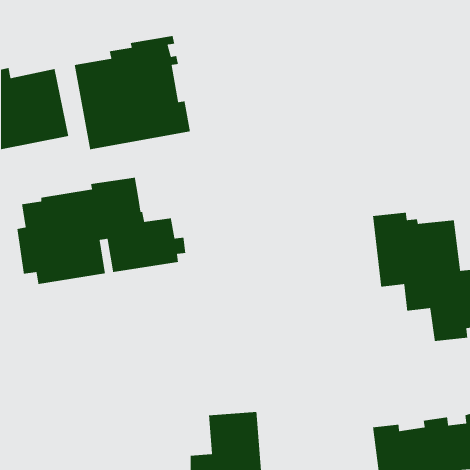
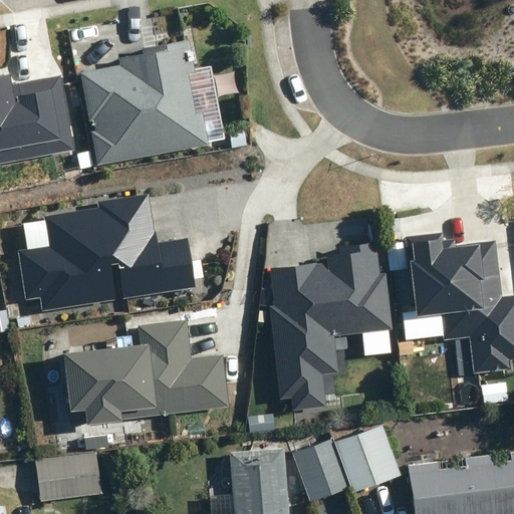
building: none -> [270,242,392,410]
building: none -> [65,320,230,425]
building: none -> [290,426,399,502]
building: none -> [34,453,98,501]

